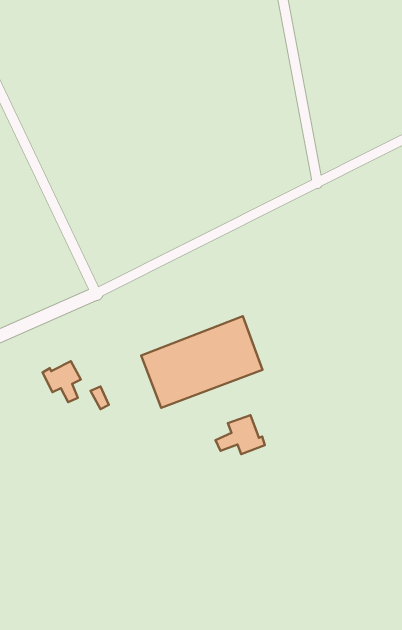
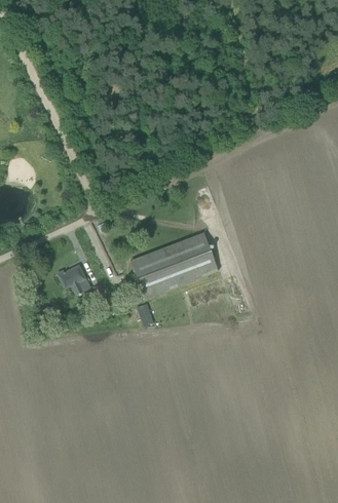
building: [216,415,265,454] -> none

